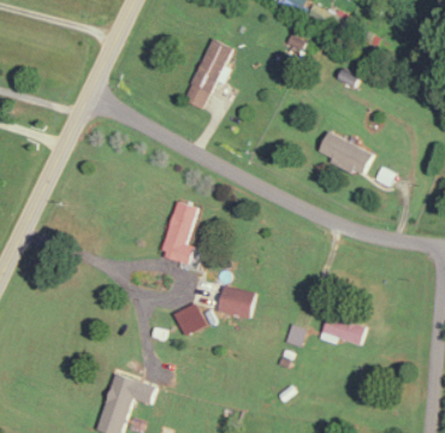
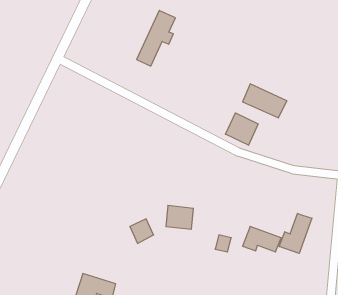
building: none -> [225,113,258,145]
building: [161,201,196,263] -> none
building: none -> [279,213,312,253]

